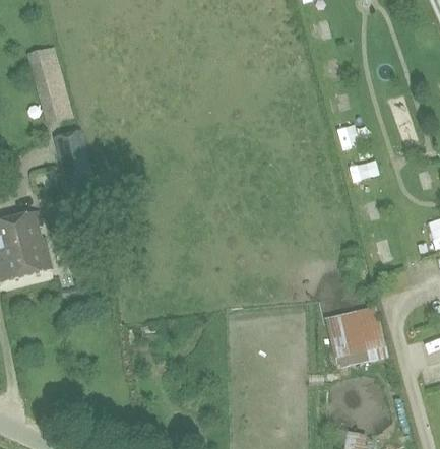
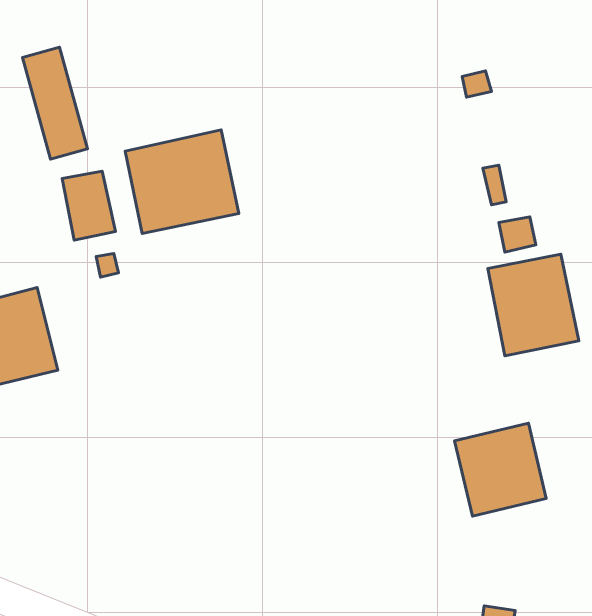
building: none -> [125,130,239,233]
building: none -> [488,254,579,356]

